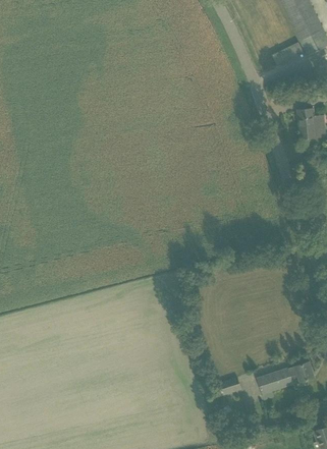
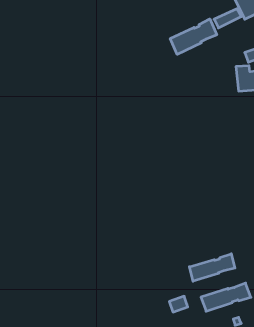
building: none -> [170,19,217,54]
building: none -> [189,254,235,281]

